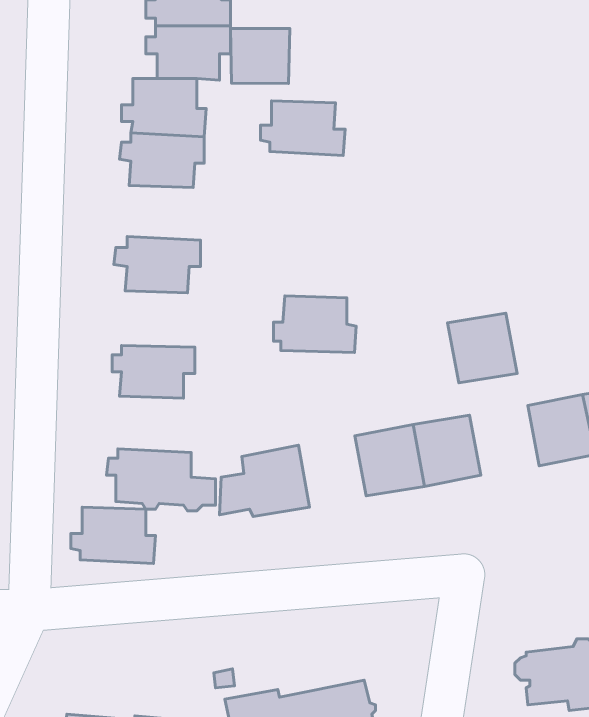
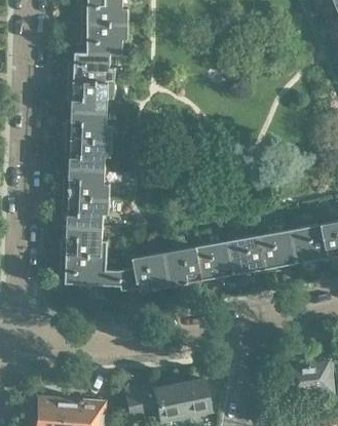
building: [231,28,290,83] -> none
building: [260,101,345,155] -> [67,111,113,141]
building: [273,296,356,352] -> [65,168,110,199]
building: [447,313,517,383] -> [259,231,297,269]
building: none -> [165,247,202,286]
building: [71,507,155,564] -> [62,226,108,257]

